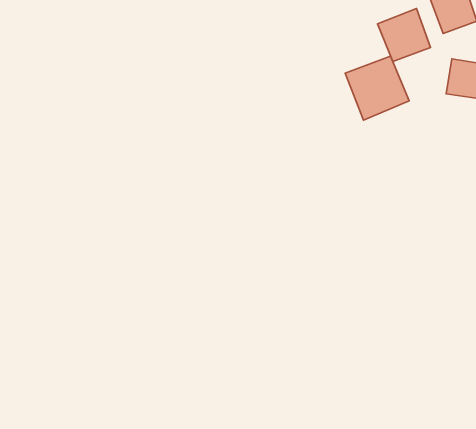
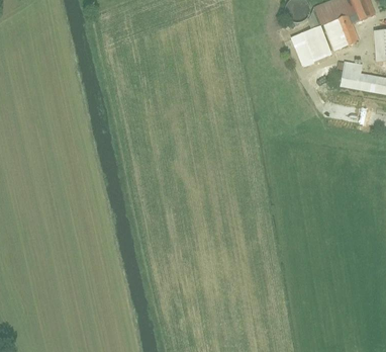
building: [345,56,409,120] -> none

